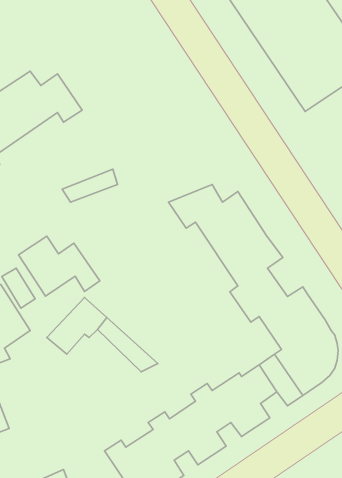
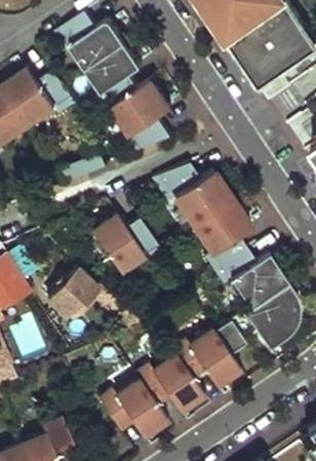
building: none -> [54,13,173,157]
building: [18,236,100,296] -> [92,219,163,271]

